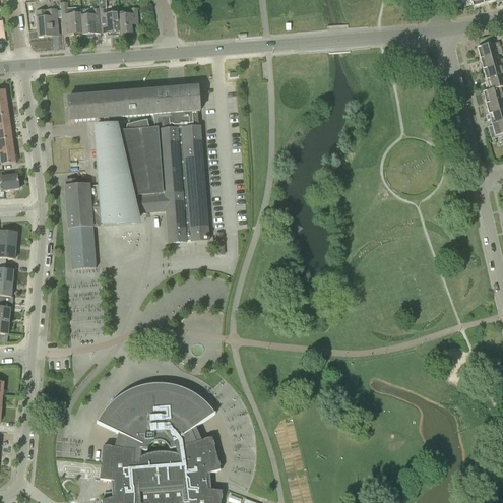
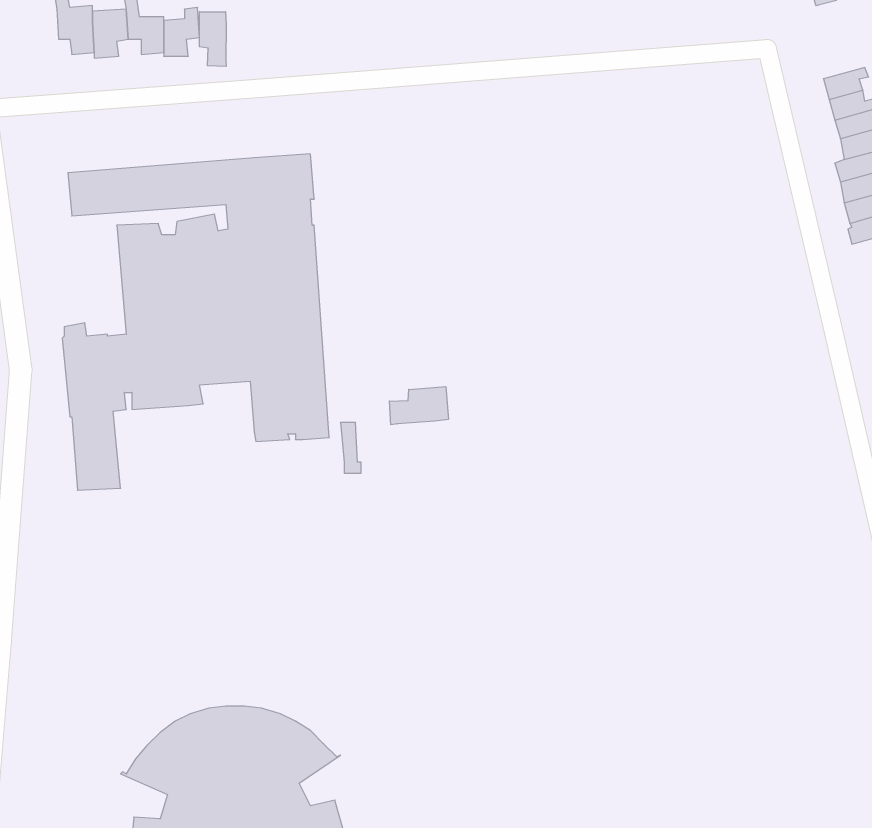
building: [36,8,54,35] -> none
building: none -> [199,12,226,66]
building: none -> [389,387,448,425]

